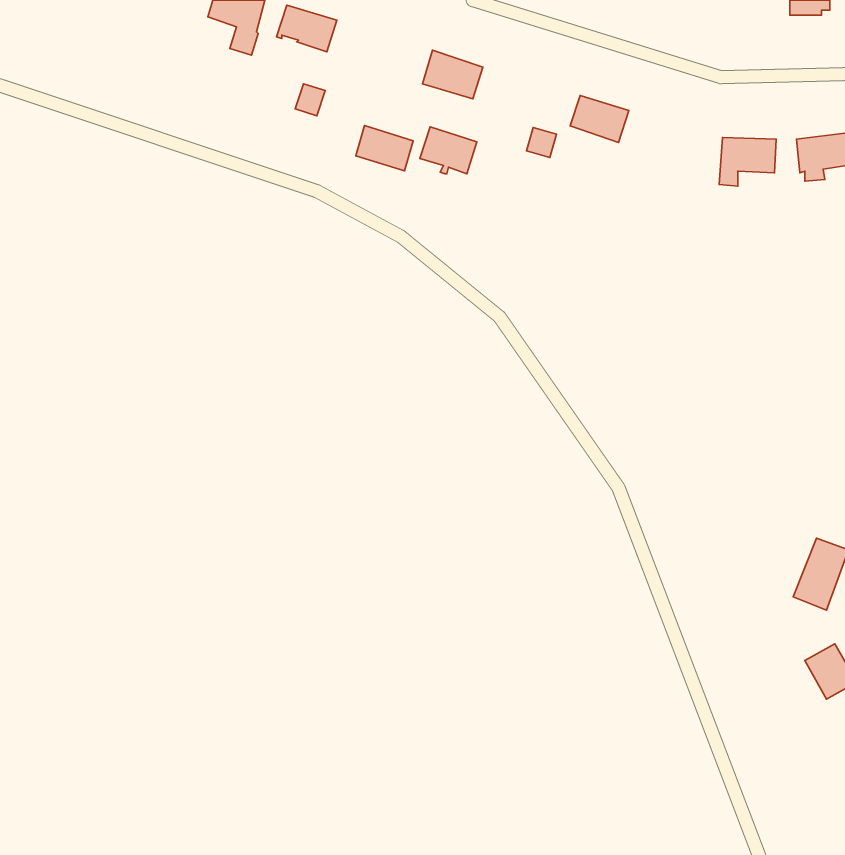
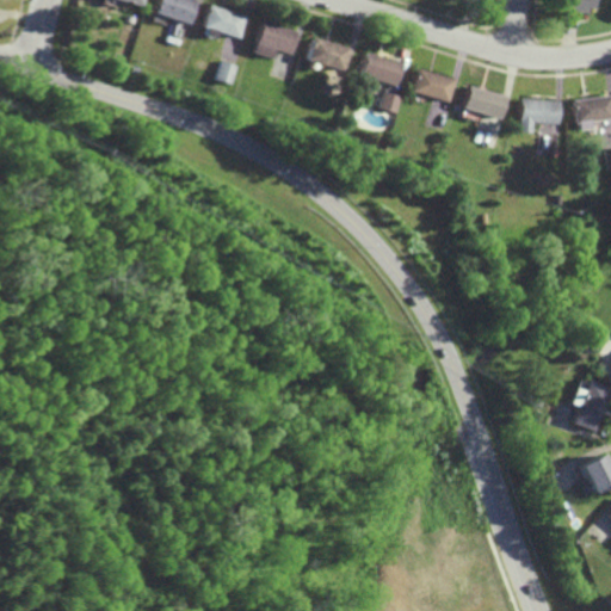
building: none -> [465,85,508,119]
building: [356,126,413,171] -> [259,21,300,54]
building: [420,127,477,174] -> [363,53,403,86]

